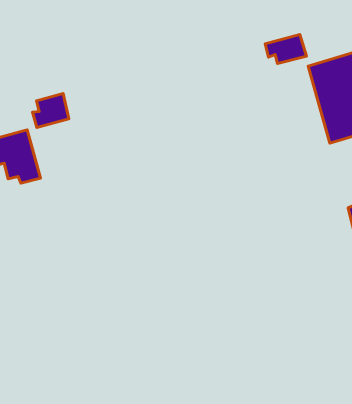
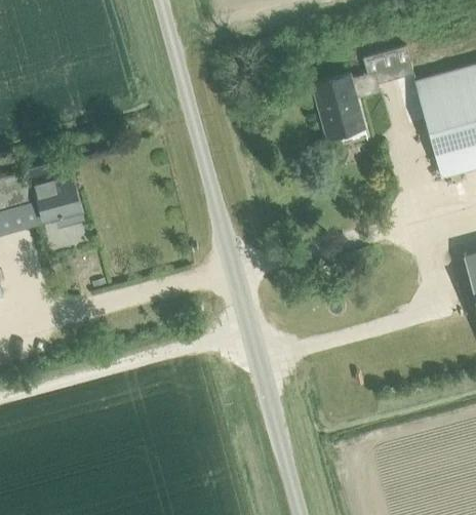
building: none -> [313,70,381,142]
building: [33,94,69,127] -> none

